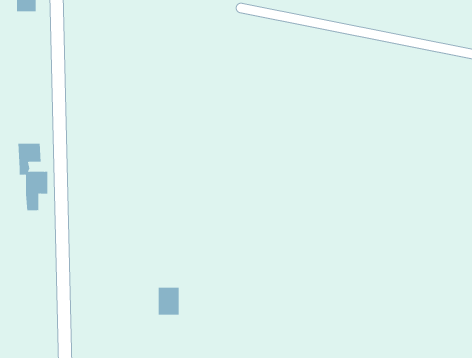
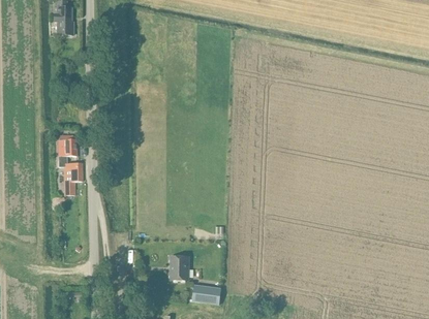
building: none -> [192,283,221,304]

